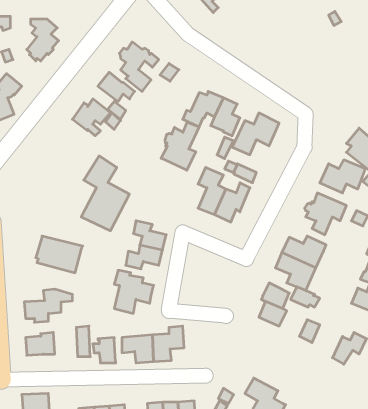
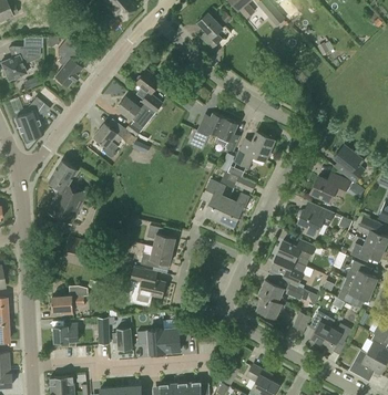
building: [161,122,199,170] -> none
building: [81,156,129,231] -> [47,160,89,226]
building: none -> [310,311,335,347]

